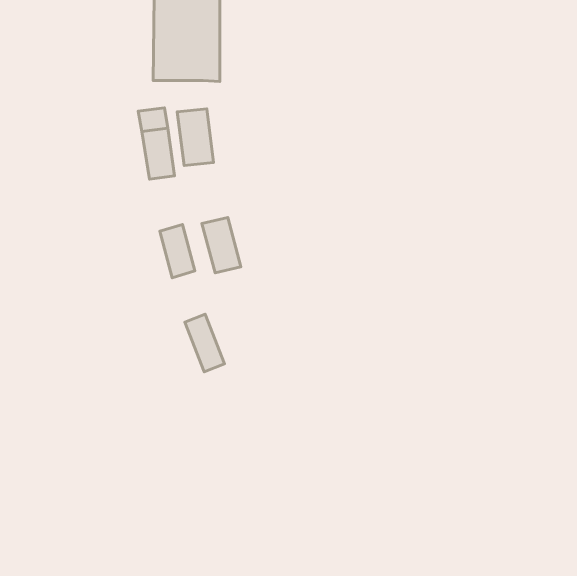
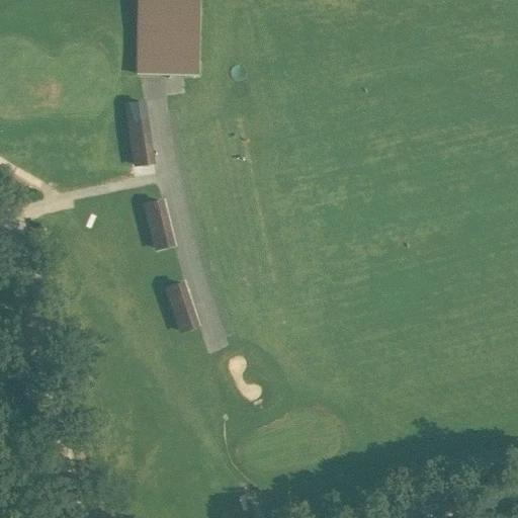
building: [177,109,214,165] -> none
building: [202,217,241,273] -> none

